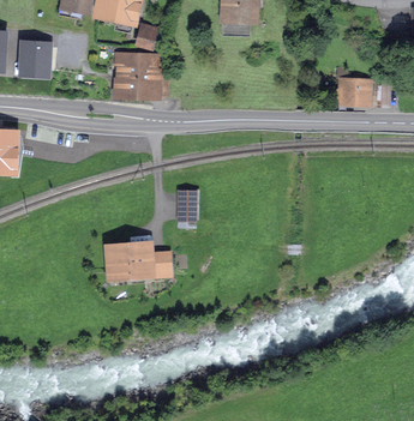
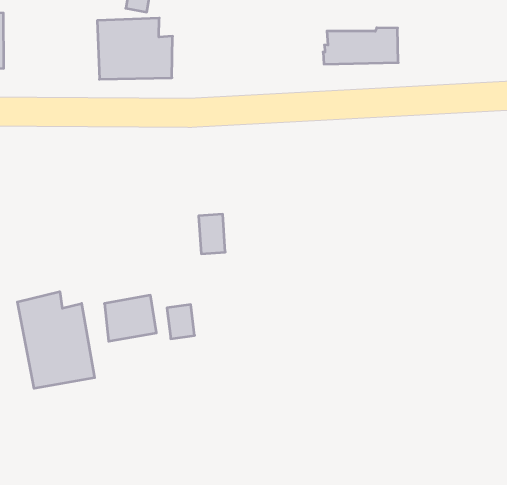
building: [337,78,390,103] -> [323,28,398,64]
building: none -> [17,292,95,388]

